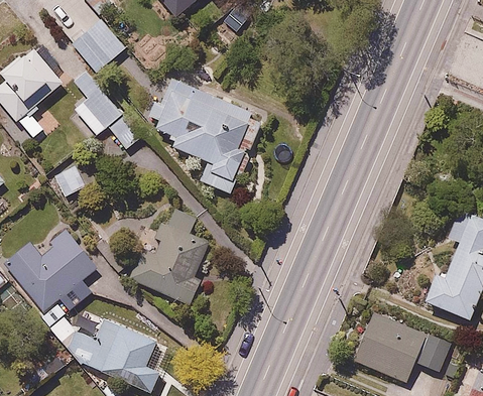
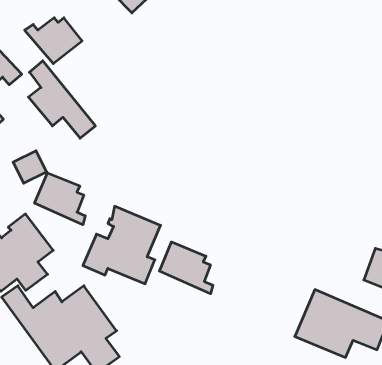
building: [140,76,262,195] -> none
building: none -> [35,173,85,225]
building: none -> [159,242,213,294]

